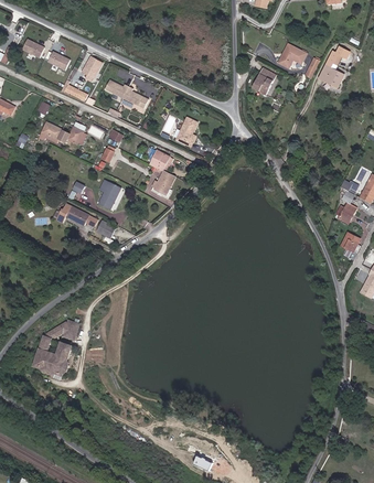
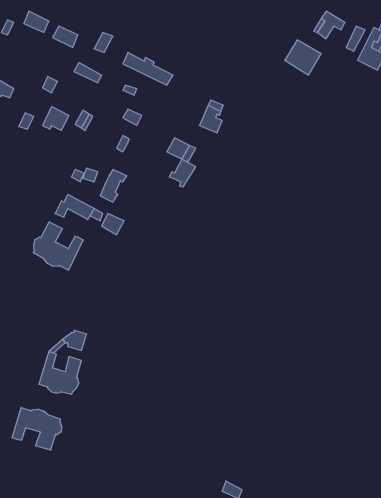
building: none -> [33,222,83,270]
building: none -> [12,407,61,450]

